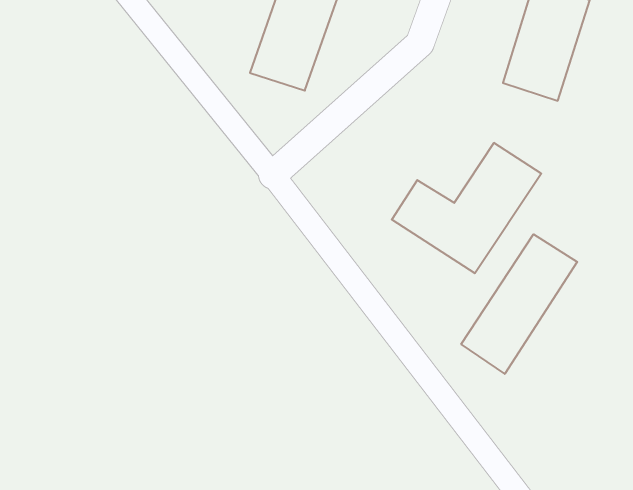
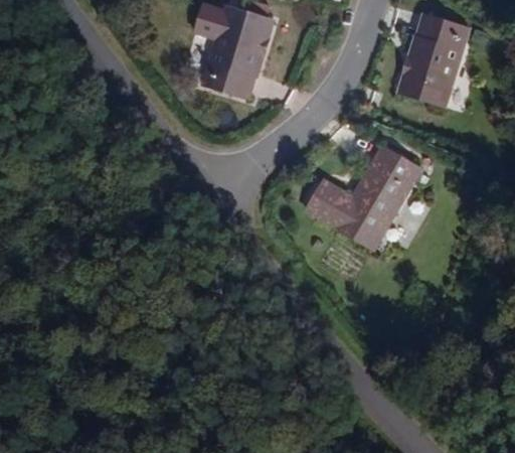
building: [461,234,577,374] -> none

